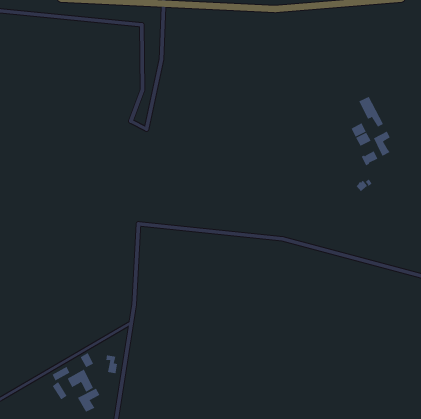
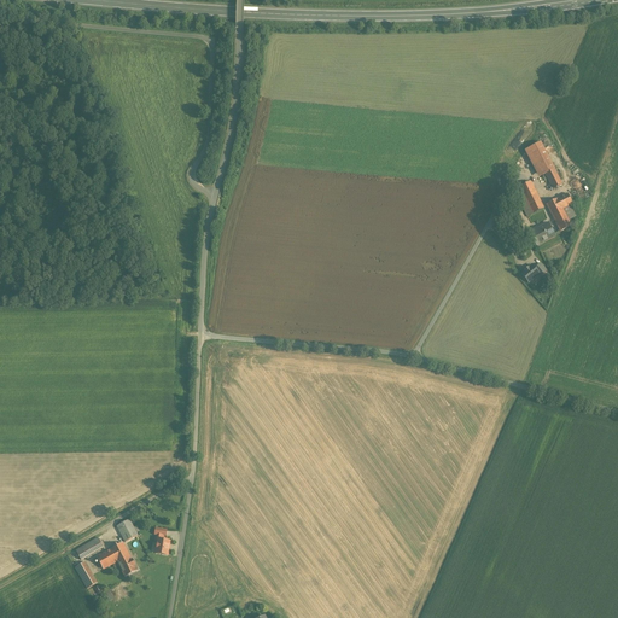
building: [77,388,100,413] -> none

